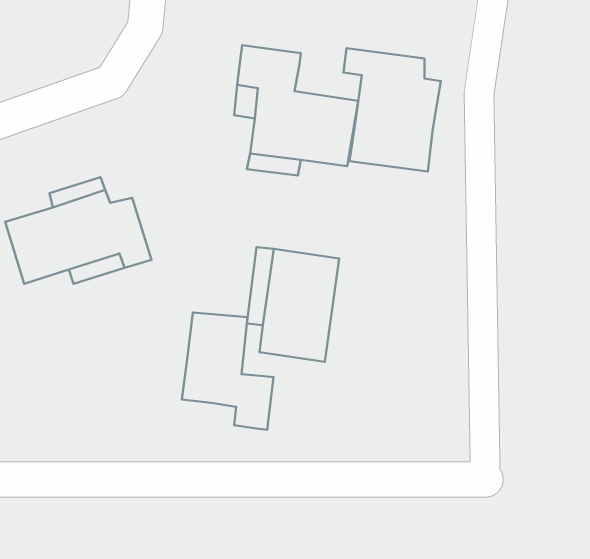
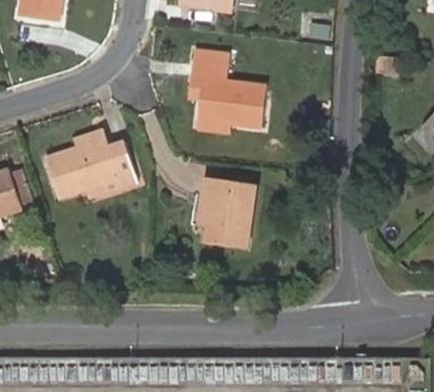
building: [344,48,441,171] -> none
building: [182,313,273,430] -> none

